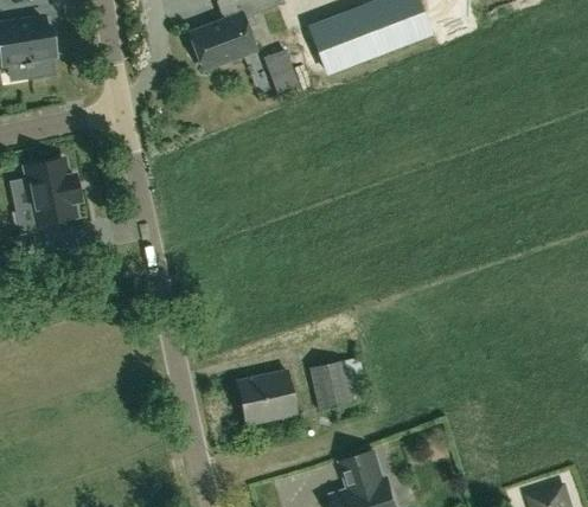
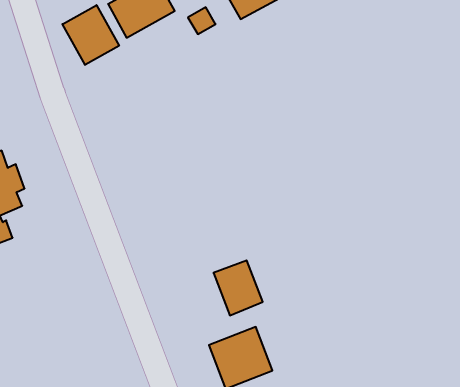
building: none -> [62,5,119,65]
building: [309,359,353,410] -> [213,260,263,315]

